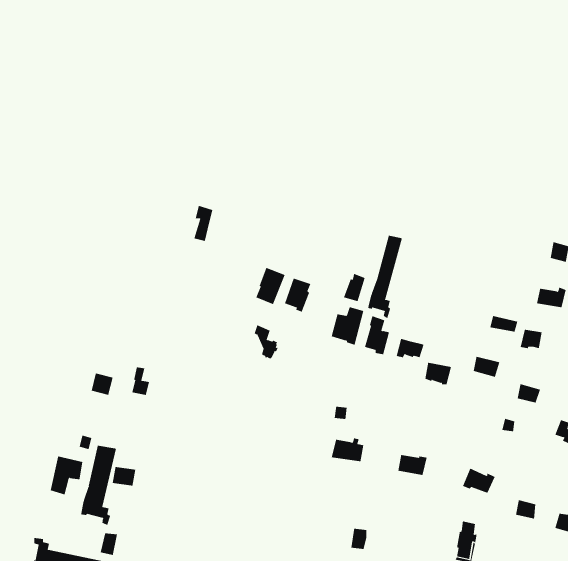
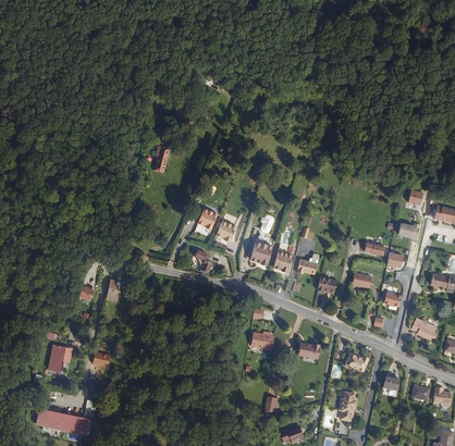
building: [367,235,403,319] -> none
building: [80,445,116,526] -> none

